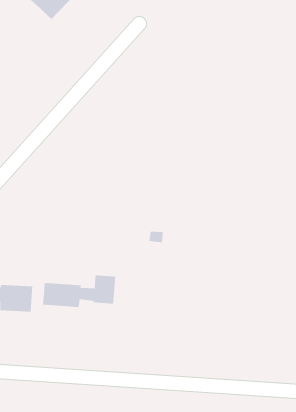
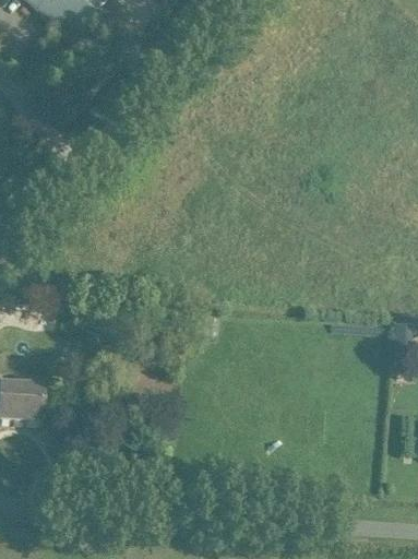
building: [43,275,116,308] -> none

